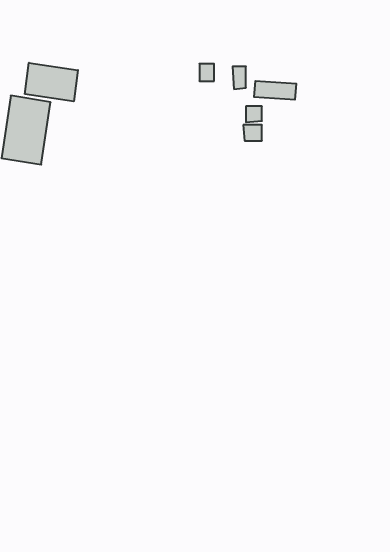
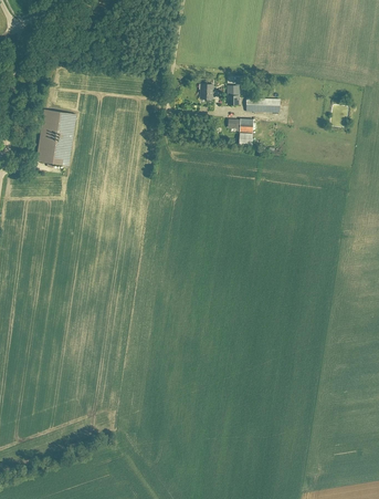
building: [25,63,78,101] -> none

